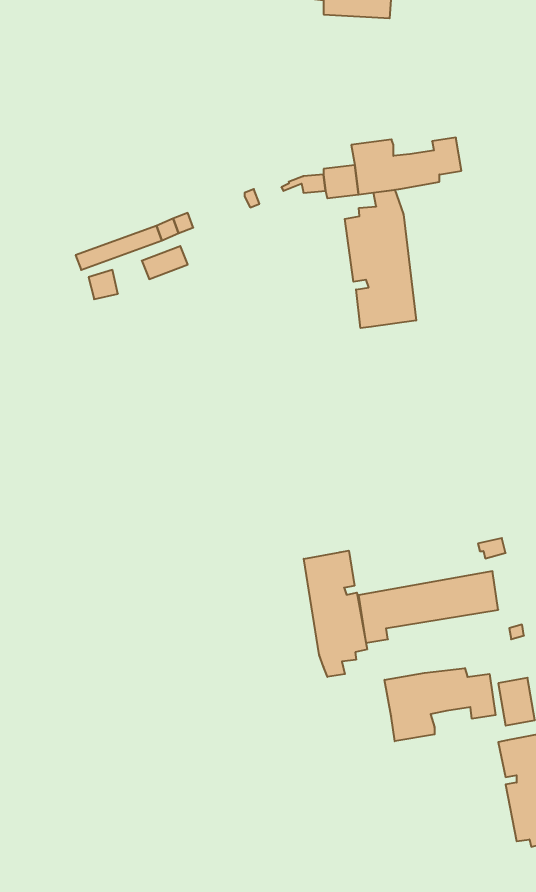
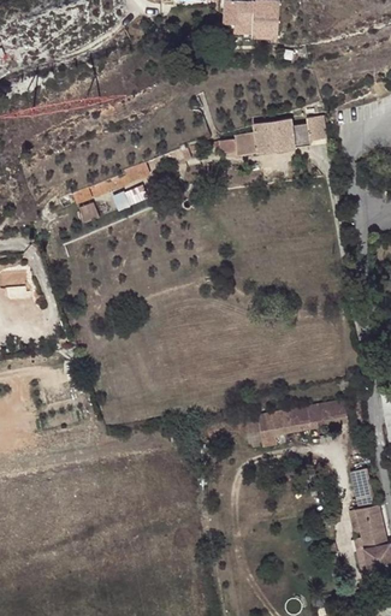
building: [345,190,416,328] -> none
building: [304,551,367,677] -> none
building: [385,668,496,741] -> none

